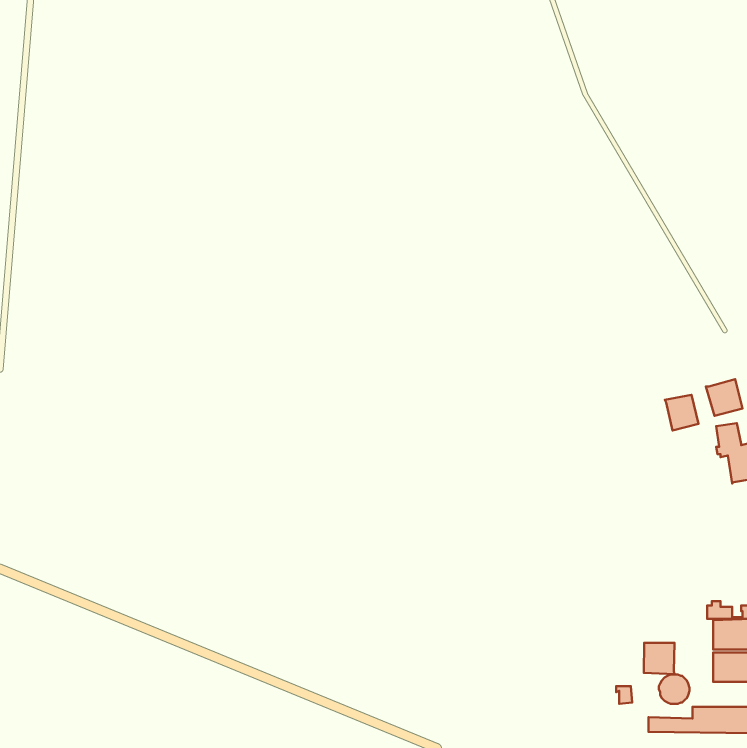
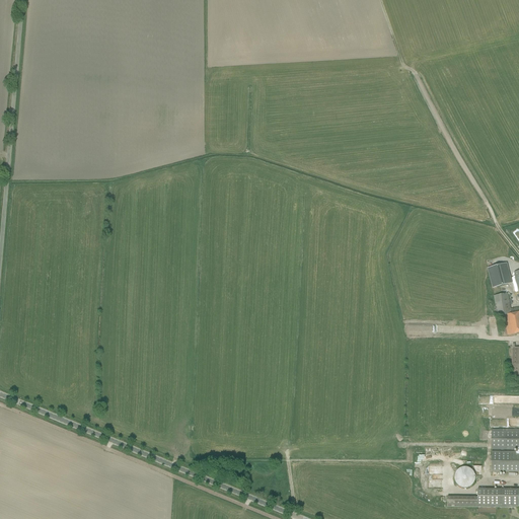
building: [665,395,698,430] -> none
building: [644,643,674,674] -> none

